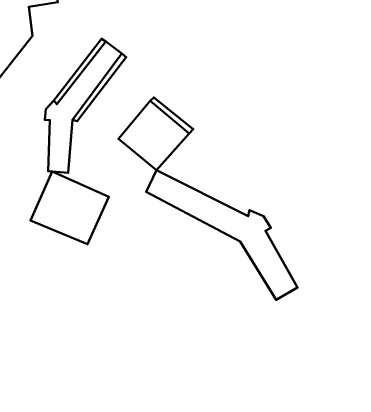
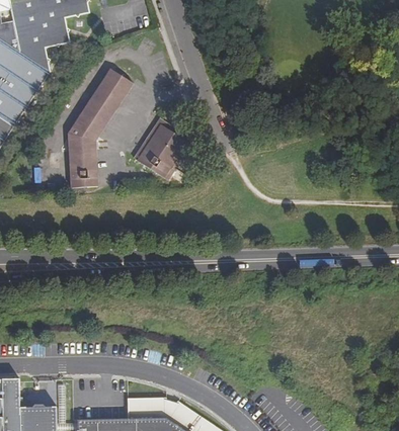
building: [146,170,298,300] -> none
building: [31,172,109,244] -> none

